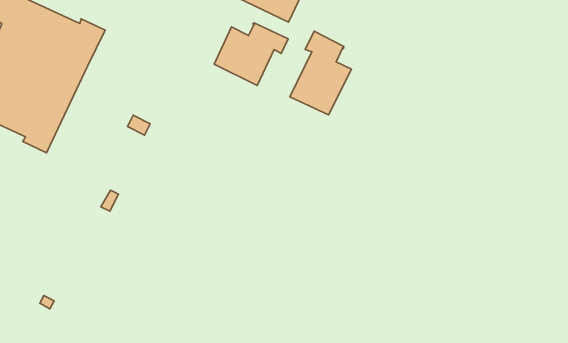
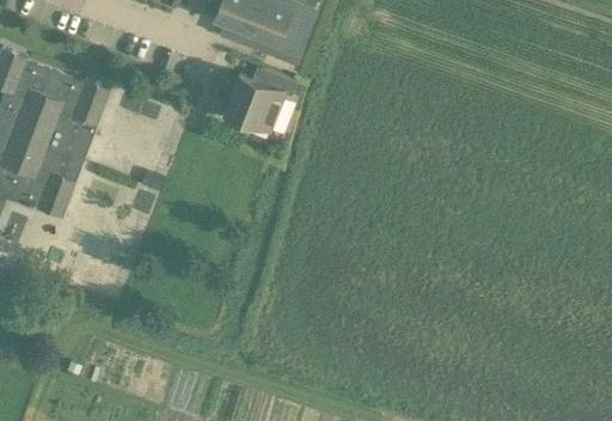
building: [290,31,352,115] -> none

